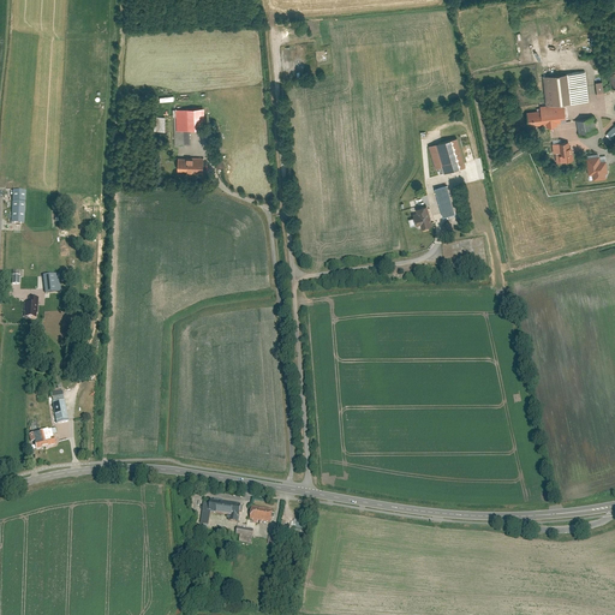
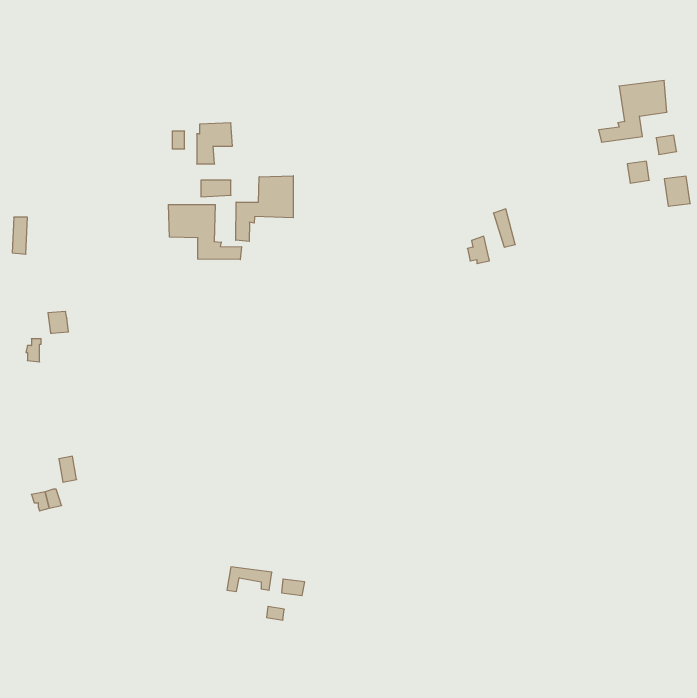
building: [428,139,462,173] -> none
building: none -> [236,176,293,241]
building: none -> [168,205,242,260]

